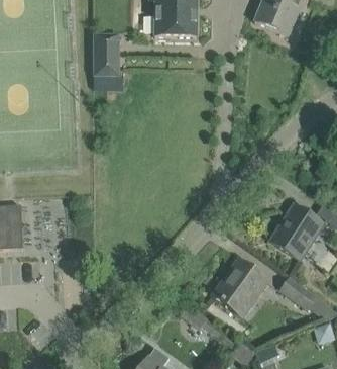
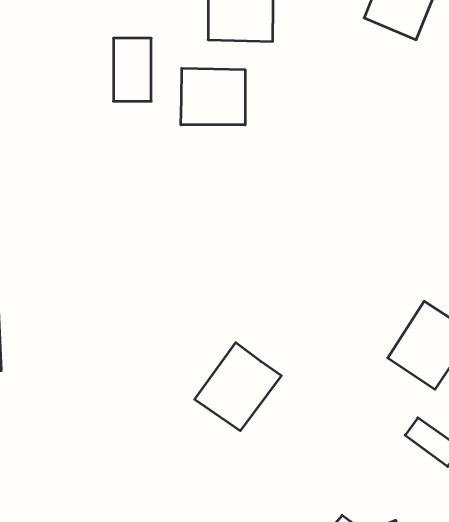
building: none -> [181,68,245,125]
building: [212,260,267,316] -> [195,343,281,431]

